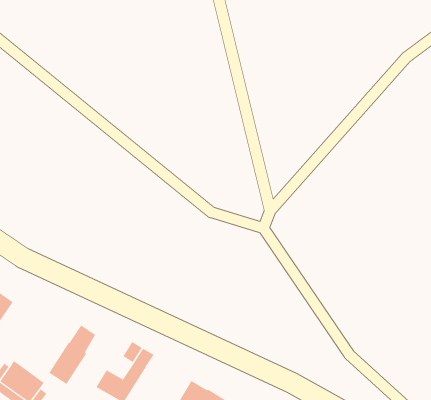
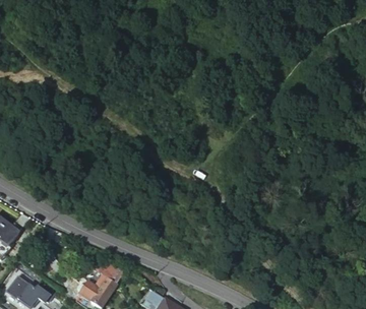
building: [49,325,96,385] -> none

